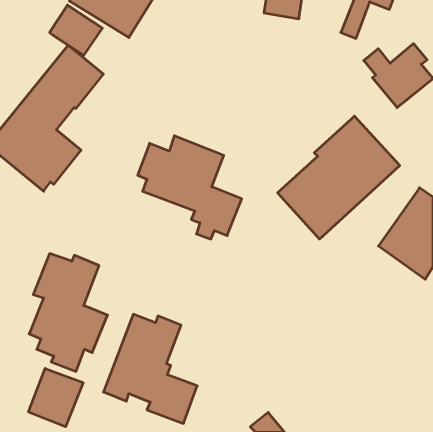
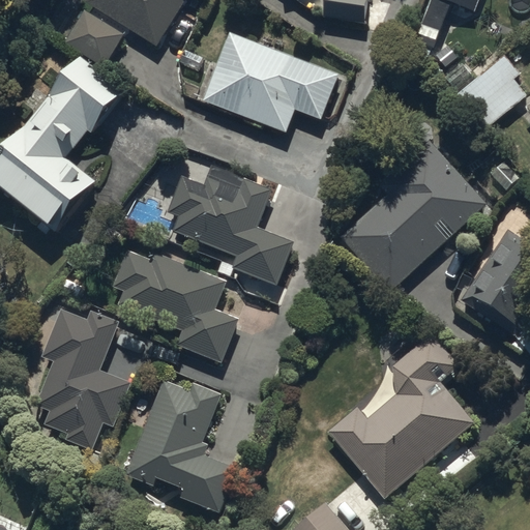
building: none -> [202,31,337,134]
building: none -> [112,248,238,361]
building: none -> [325,333,472,499]
building: [29,368,83,427] -> none

